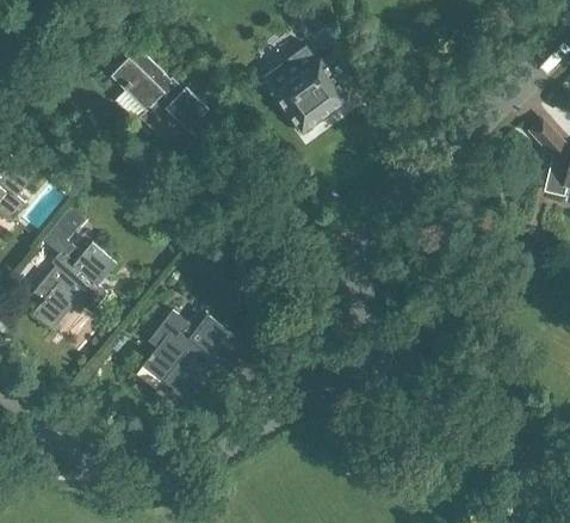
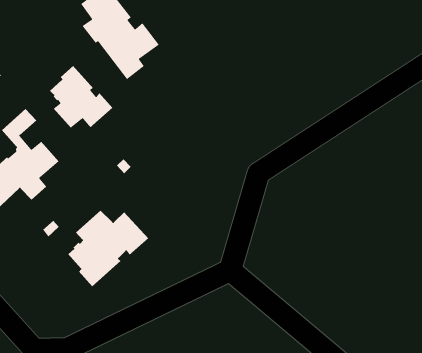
building: [267,45,349,131] -> none
building: none -> [49,65,113,128]

